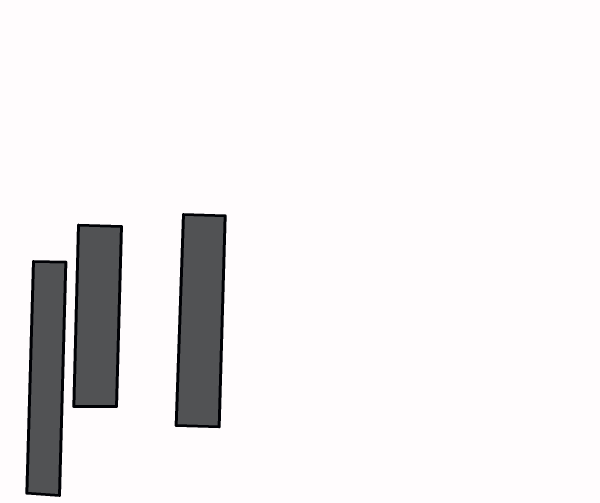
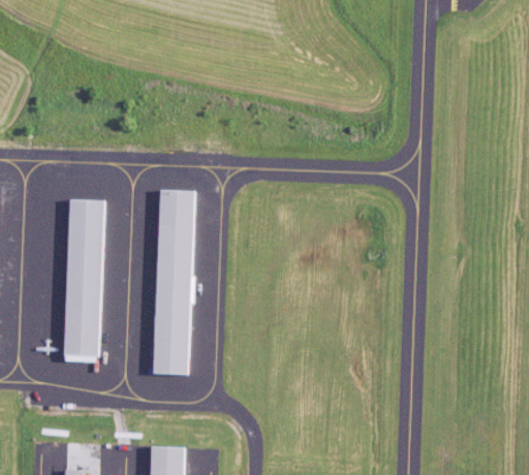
building: [27,261,66,496] -> none

